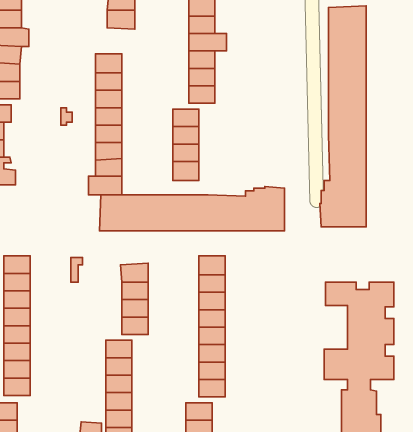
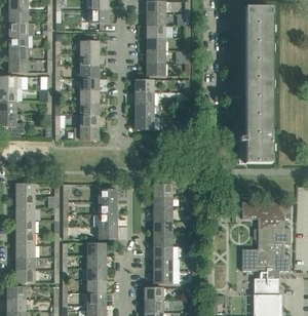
building: [100,187,284,231] -> none

